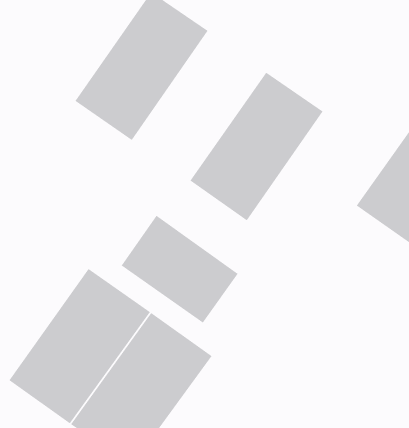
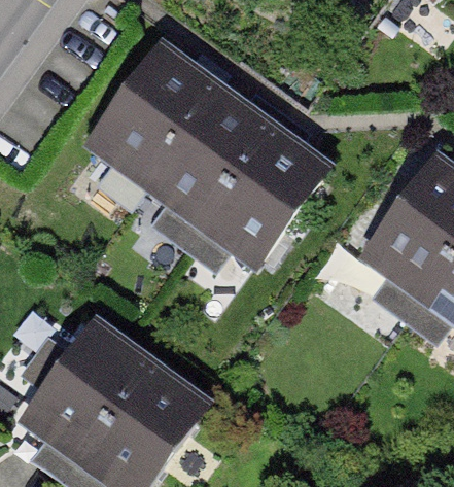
building: none -> [139,80,271,228]
building: [121,215,239,324] -> none

